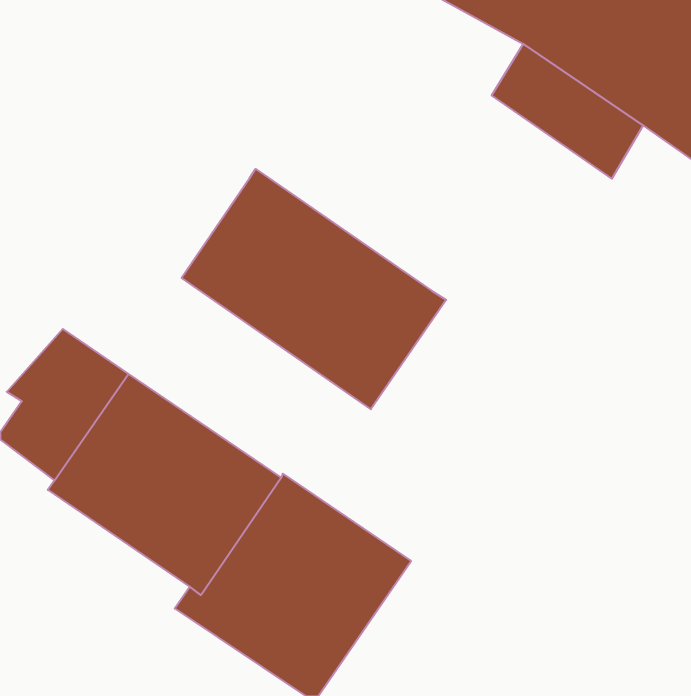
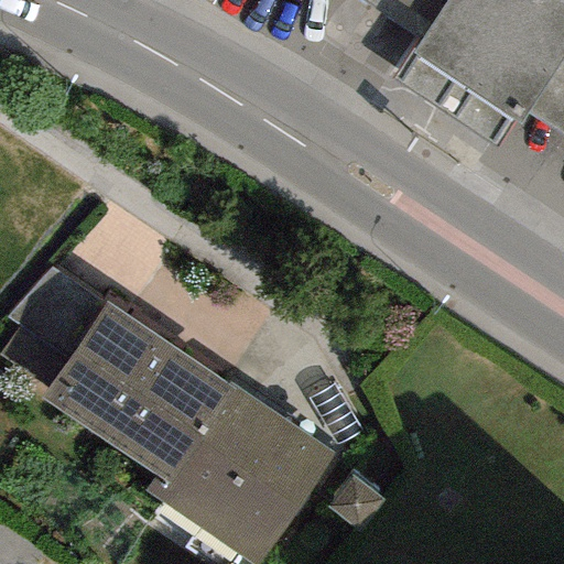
building: [182,169,446,409] -> none

